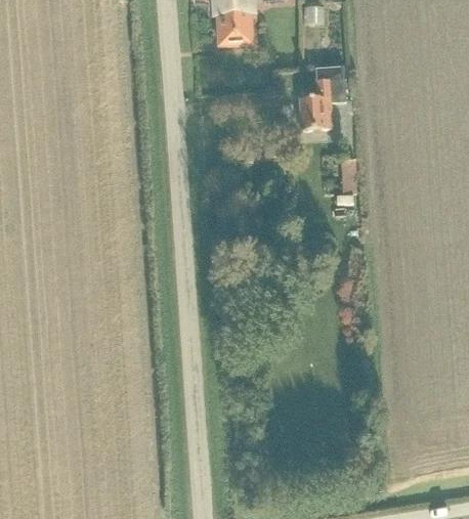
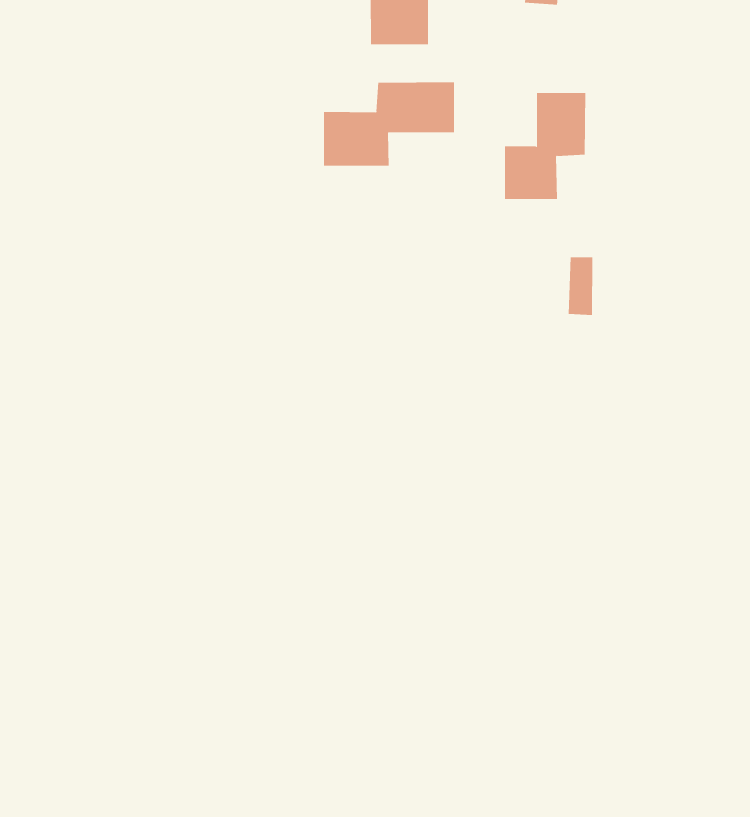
building: none -> [323,81,455,166]

